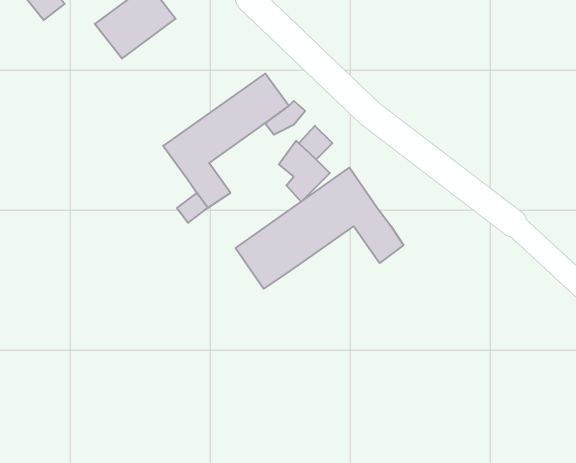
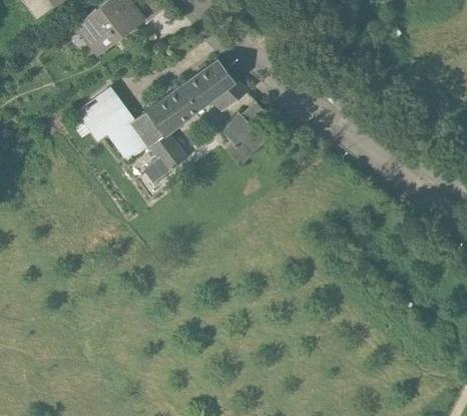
building: none -> [77,87,152,160]
building: [236,168,403,289] -> none

